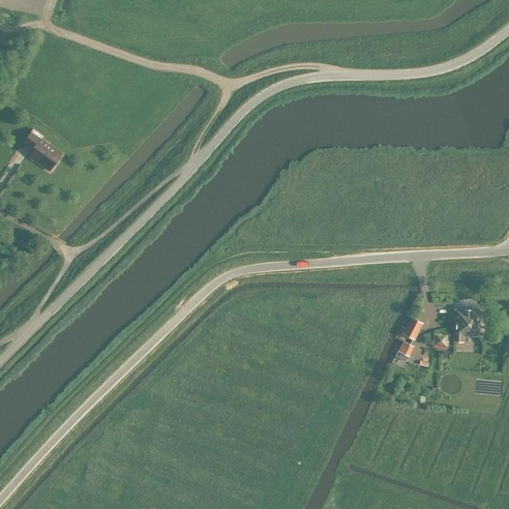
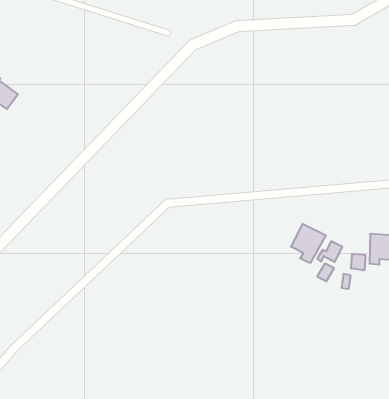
building: none -> [291,224,326,263]

